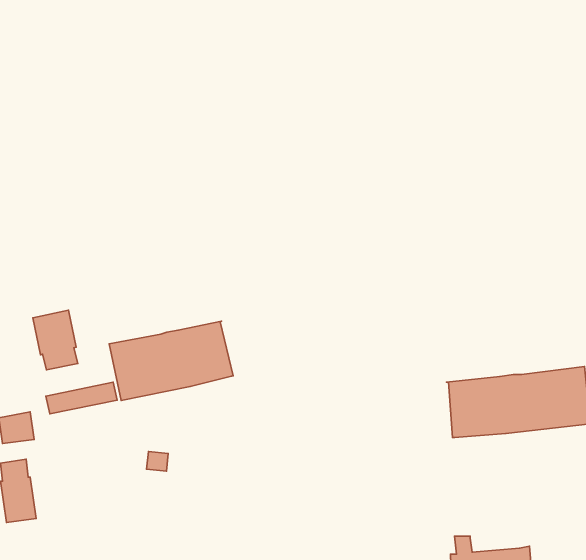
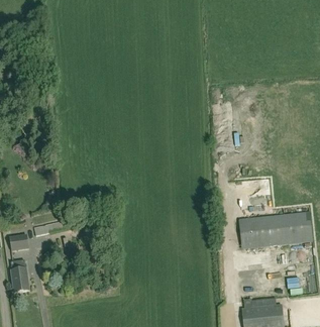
building: [33,310,78,370] -> none
building: [109,321,233,400] -> none

